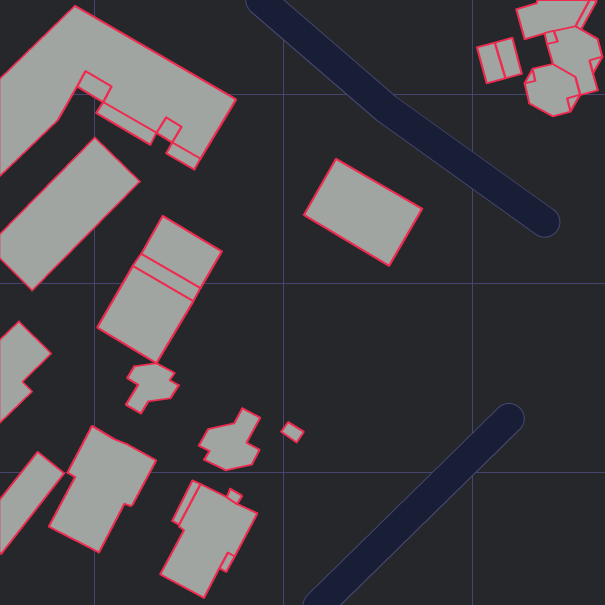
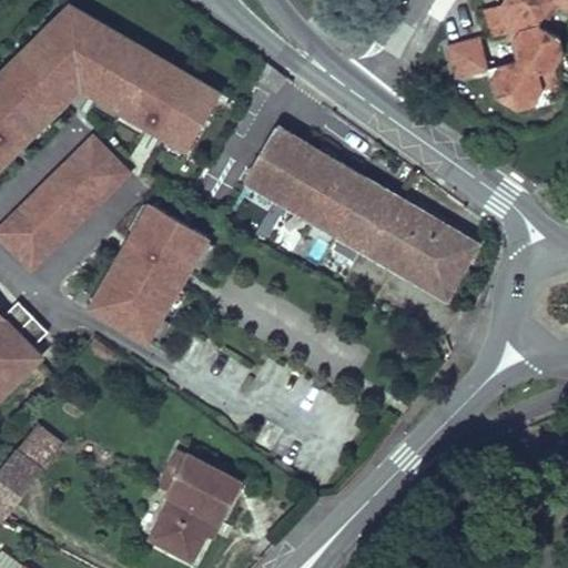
building: none -> [244,126,314,202]
building: none -> [364,196,477,297]
building: [126,363,179,414] -> none
building: [199,408,260,470] -> none
building: [49,426,156,553] -> none

